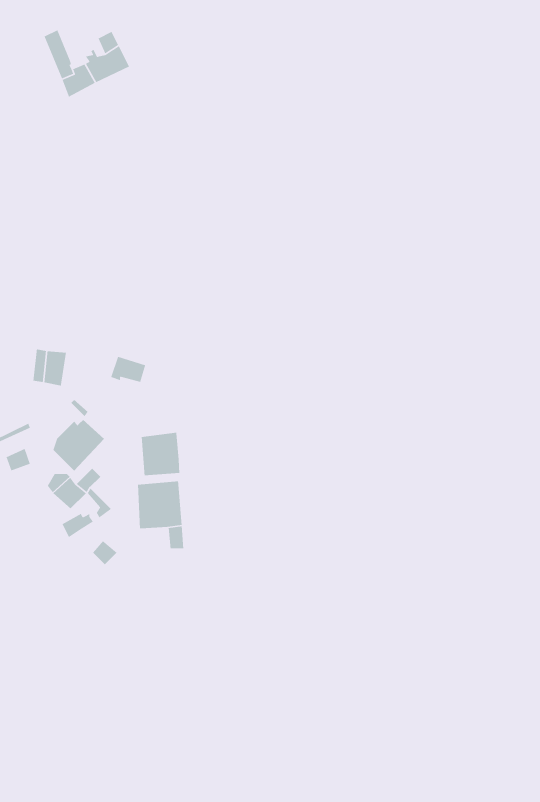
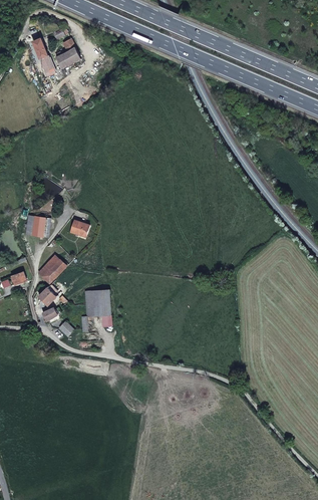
building: [141,432,180,476] -> none

